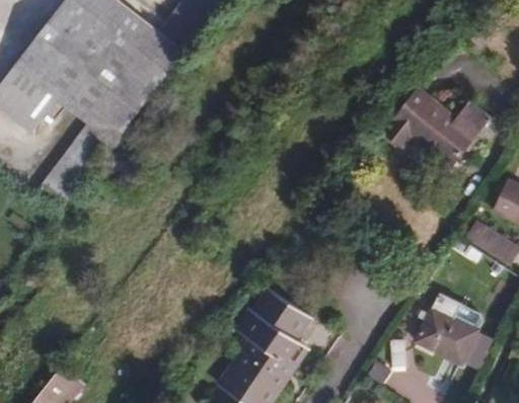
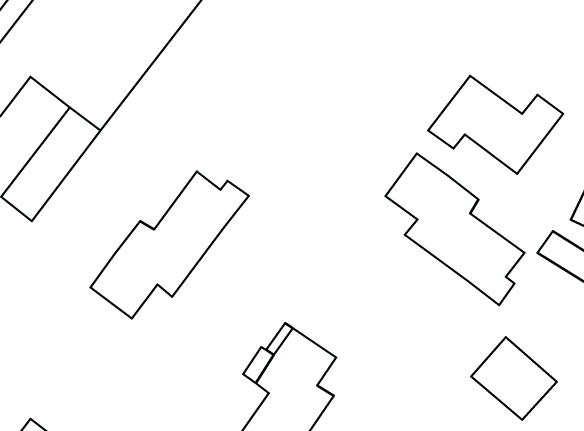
building: none -> [386,154,525,305]
building: none -> [90,171,249,318]

